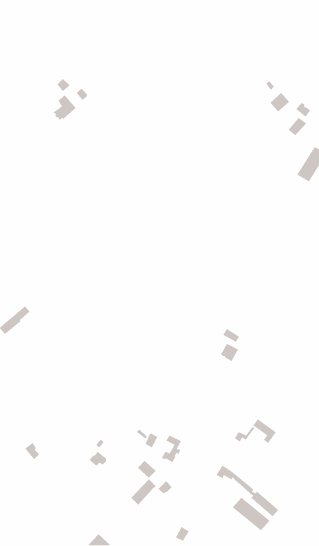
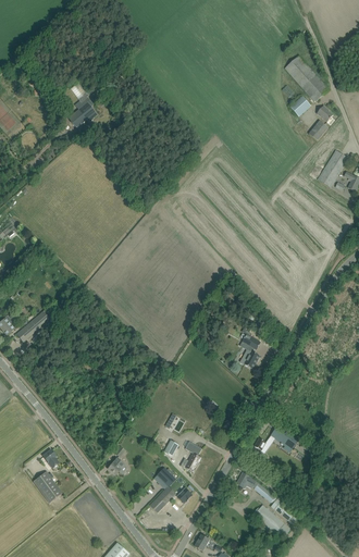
building: none -> [284,55,329,102]
building: none -> [32,471,61,503]

